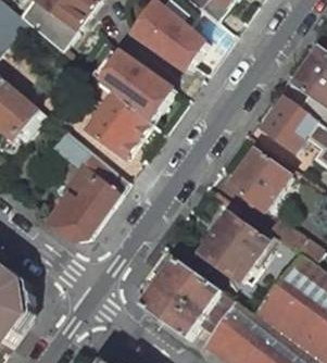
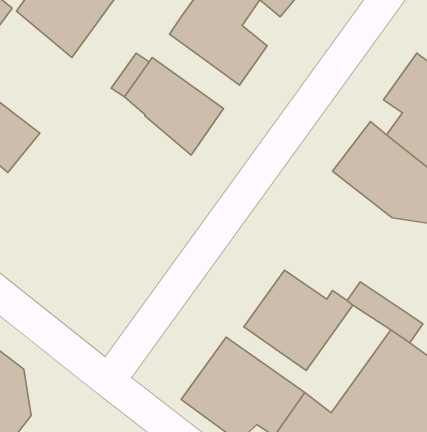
building: [90,95,150,159] -> none
building: [48,128,133,240] -> none
building: [227,147,292,213] -> none

